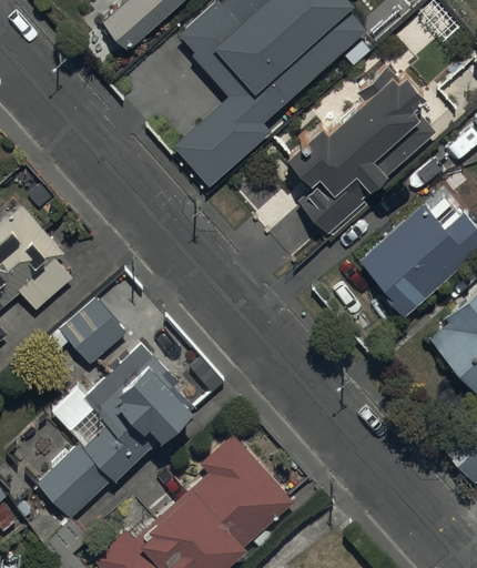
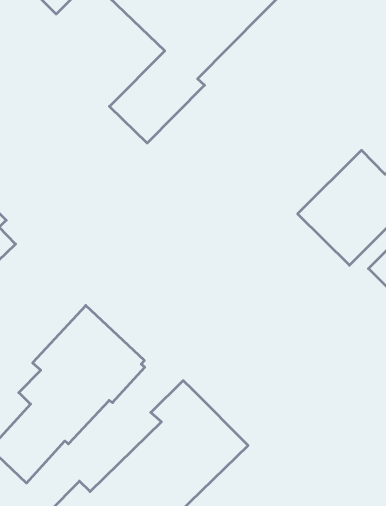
building: [287,70,439,237] -> none
building: [60,293,125,357] -> none

